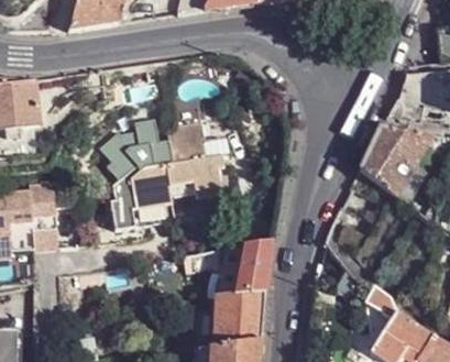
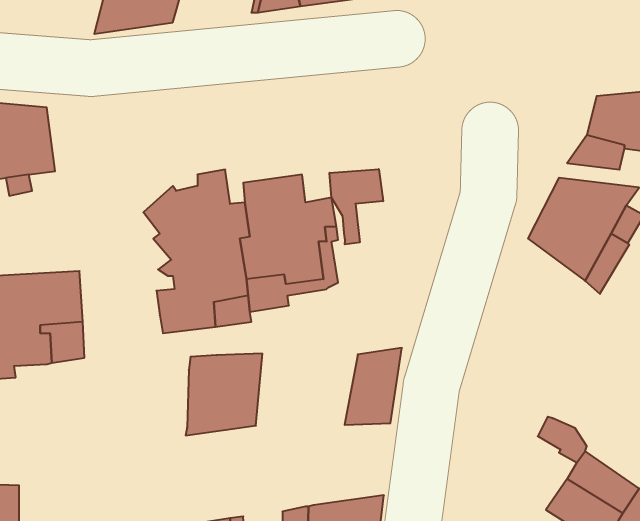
building: none -> [330,169,383,244]
building: [215,290,266,345] -> [186,354,262,435]

